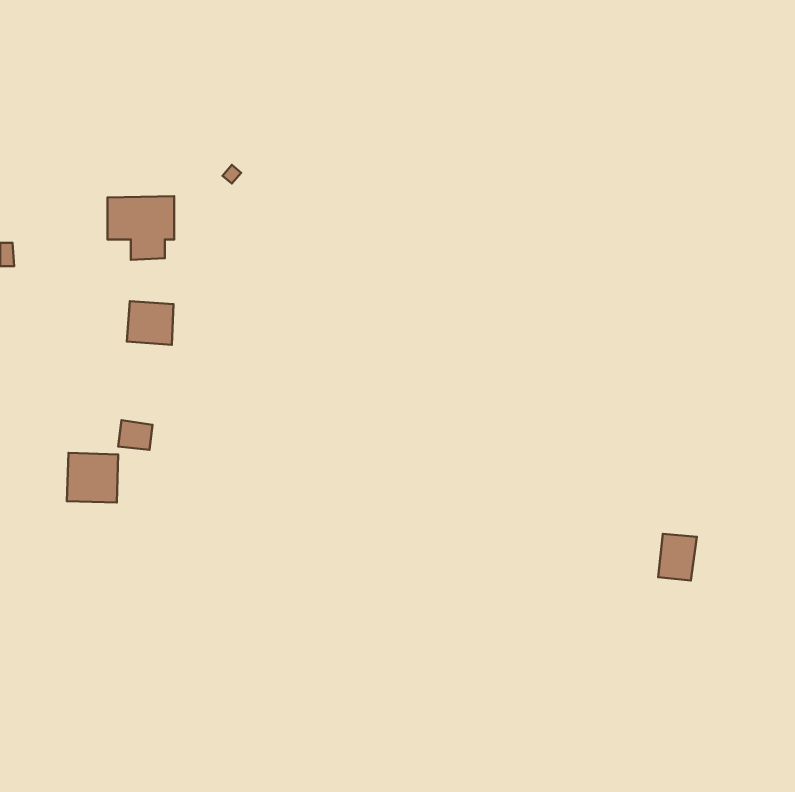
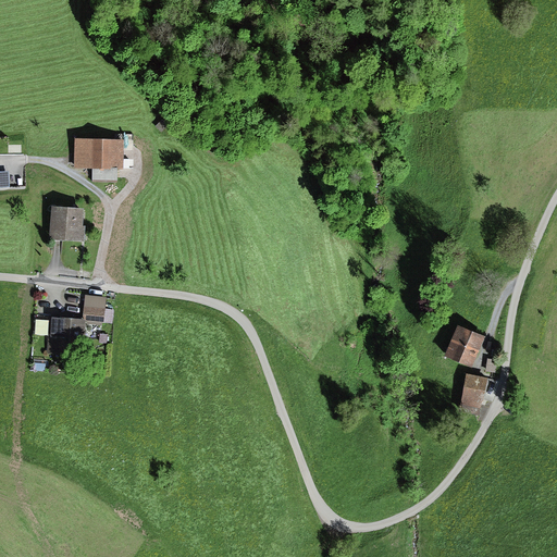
building: [127,301,174,345] -> [49,207,82,237]
building: none -> [443,323,483,364]

